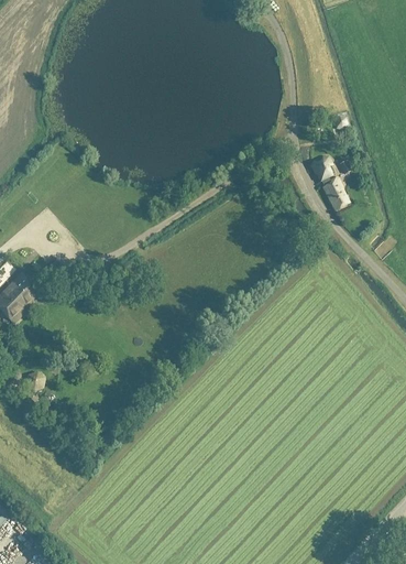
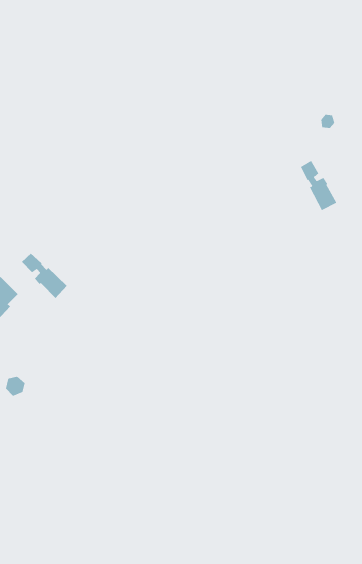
building: none -> [21,253,68,299]

